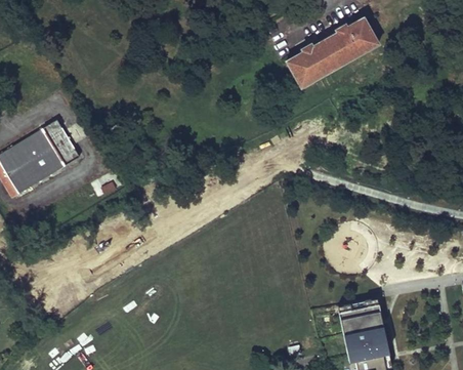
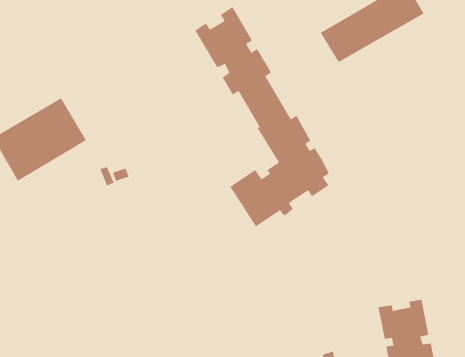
building: none -> [194,6,330,227]

